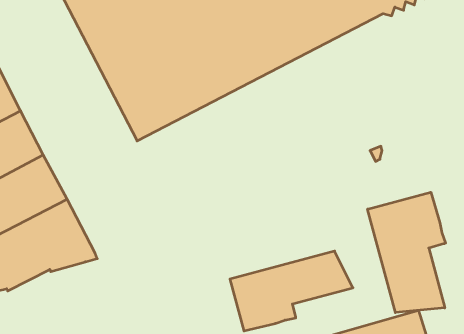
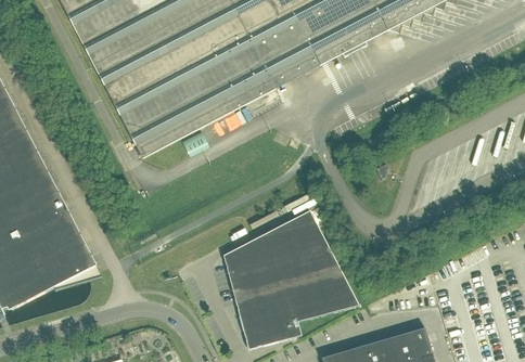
building: [368,192,446,313] -> none
building: none -> [223,210,340,296]

